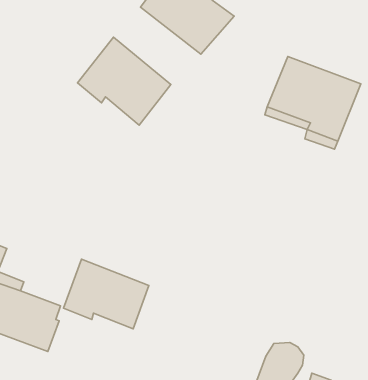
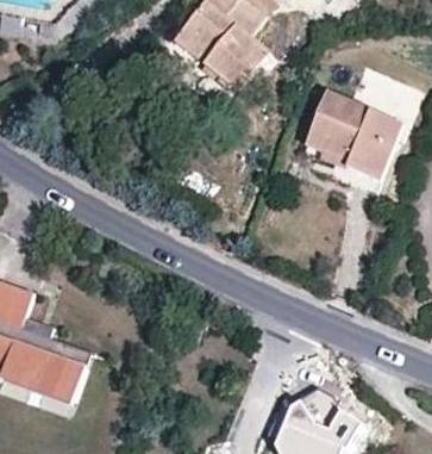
building: [77,37,171,125] -> none
building: [64,259,149,329] -> none

